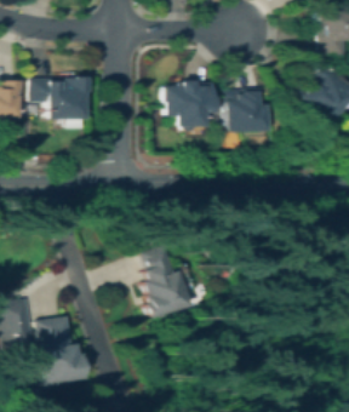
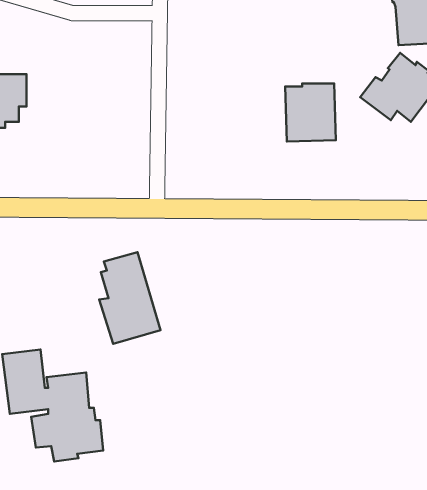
building: [34,76,91,119] -> none
building: [167,80,218,126] -> none
building: [143,245,191,317] -> [99,252,161,344]

